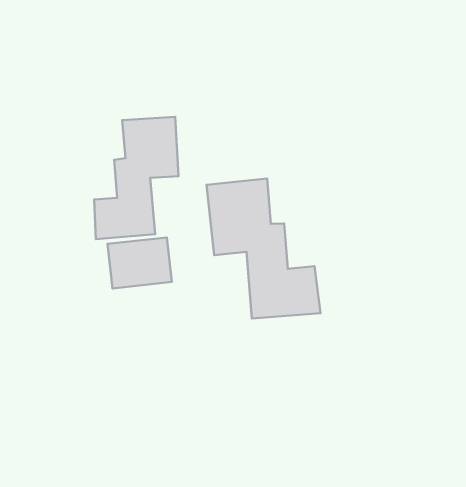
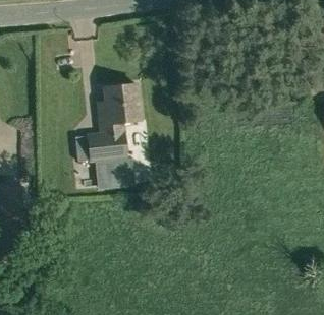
building: [206,179,320,319] -> none

